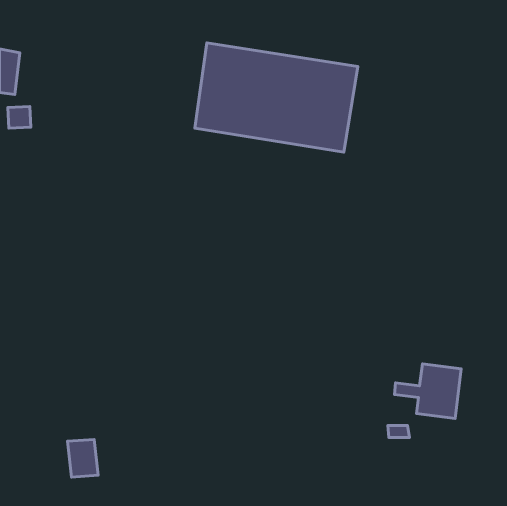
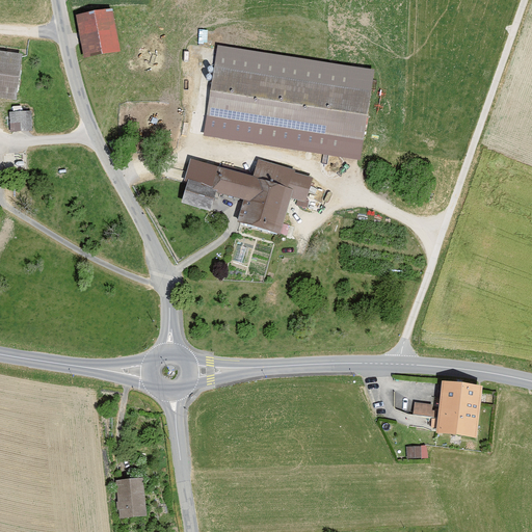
building: none -> [76,7,121,57]
building: none -> [181,158,313,234]
building: [67,439,98,477] -> [114,477,147,516]

